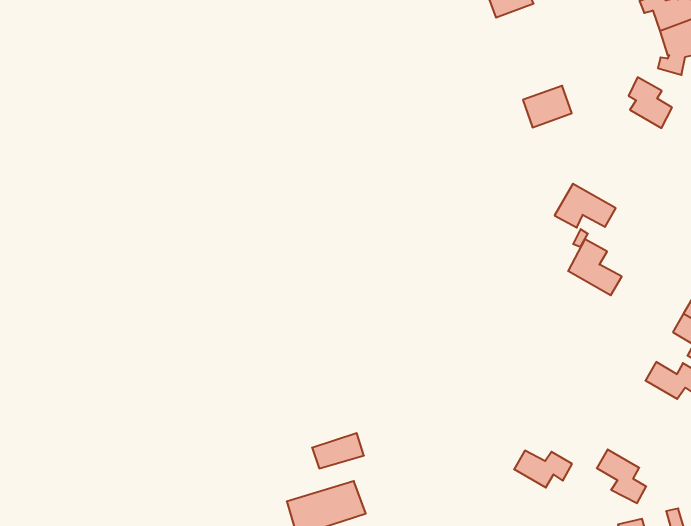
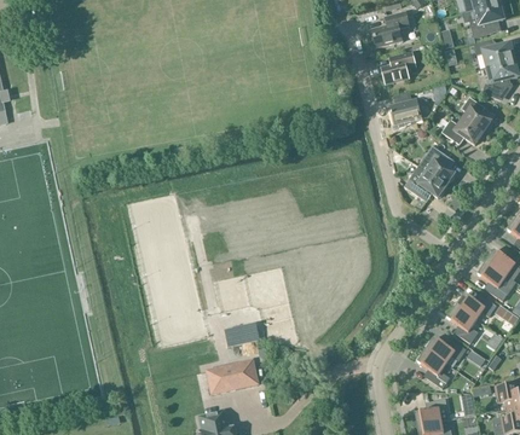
building: none -> [382,52,417,83]
building: none -> [443,118,484,144]
building: [568,239,622,295] -> [420,145,456,185]
building: none -> [449,304,479,343]
building: [514,451,572,488] -> [427,337,467,364]

